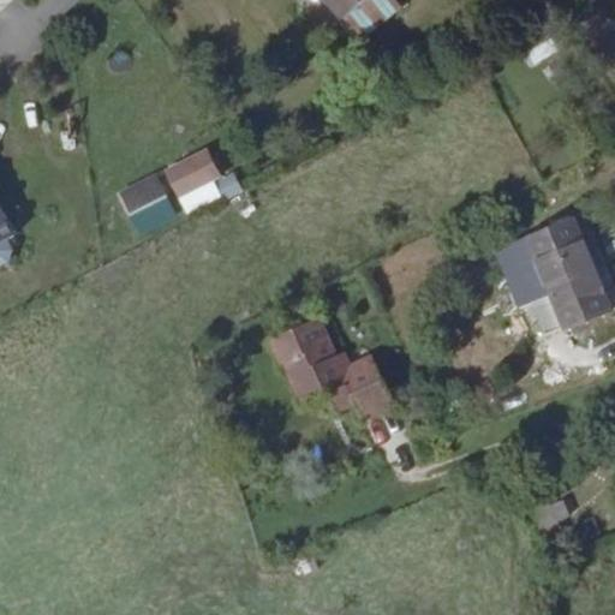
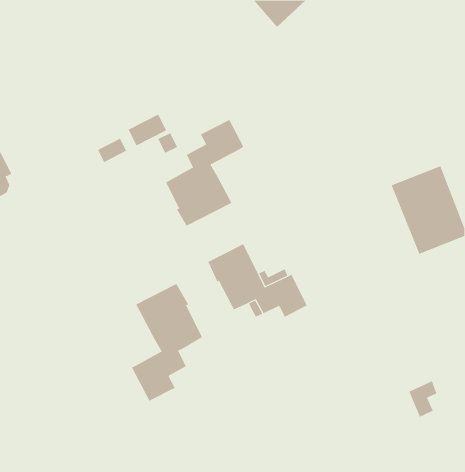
building: none -> [165,119,244,227]
building: none -> [131,283,203,402]

